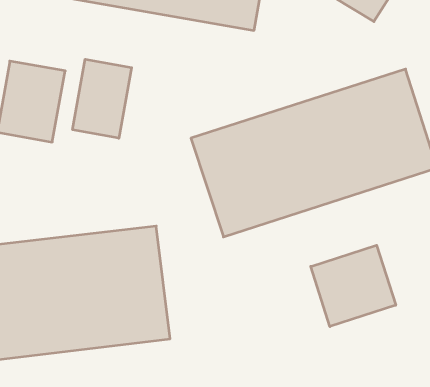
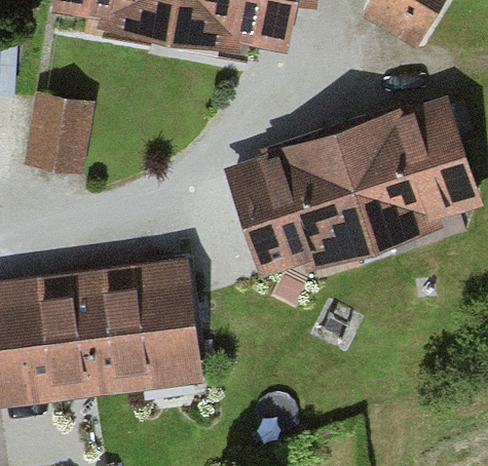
building: [73,59,132,138] -> none
building: [311,245,396,327] -> none

